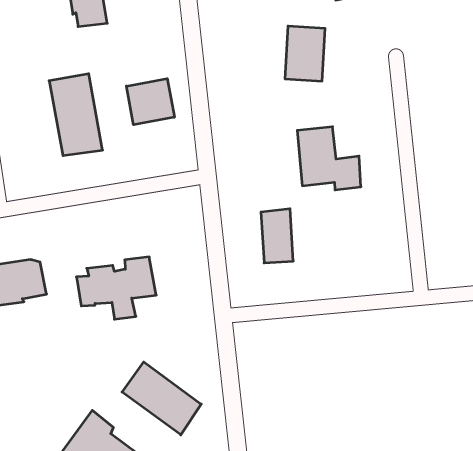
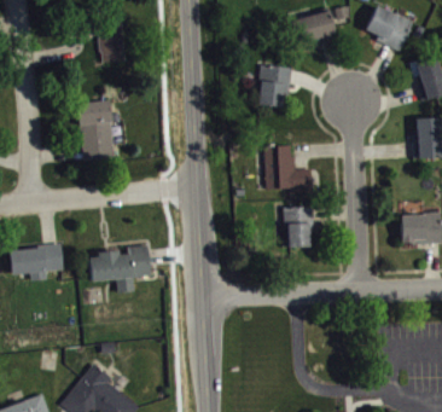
building: [126,79,174,125] -> none
building: [261,209,293,263] -> [290,211,313,253]
building: [122,362,201,435] -> none

